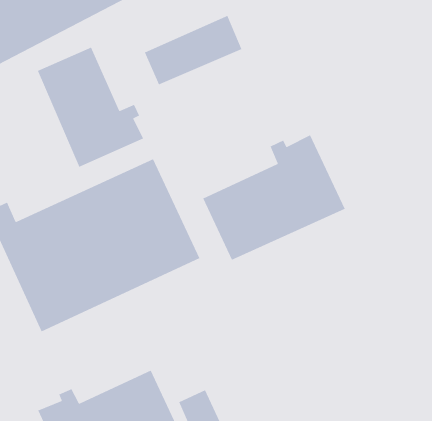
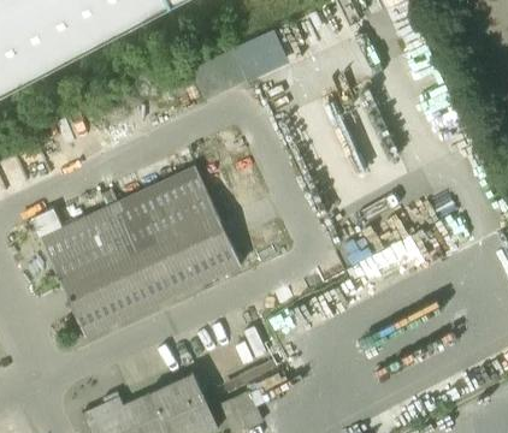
building: [37,47,144,168] -> none
building: [202,134,346,261] -> none

